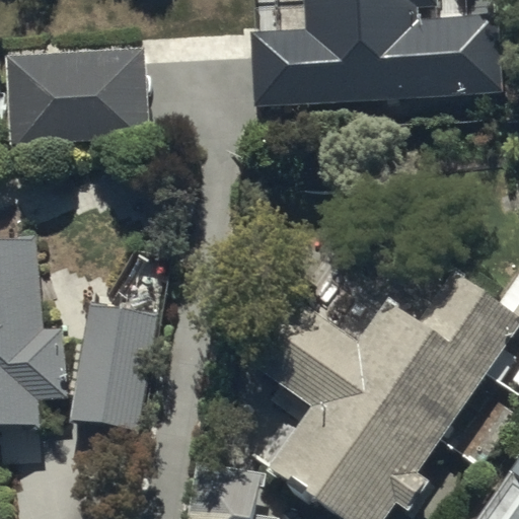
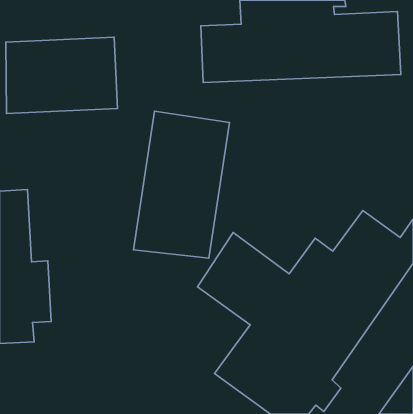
building: none -> [134,111,229,258]
building: [70,304,155,435] -> none

